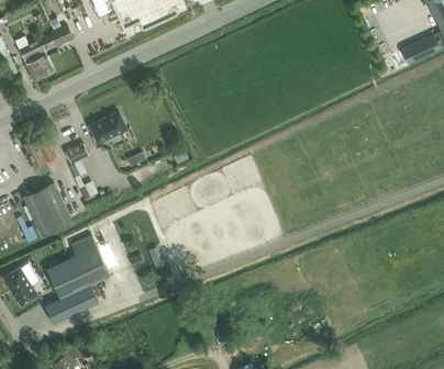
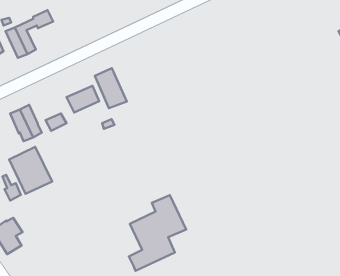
building: none -> [95,68,127,108]
building: [45,237,111,324] -> [129,195,186,271]

